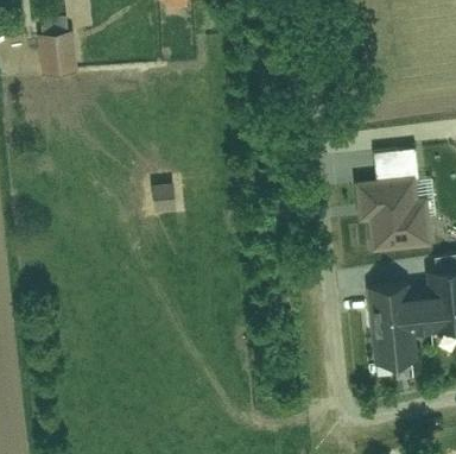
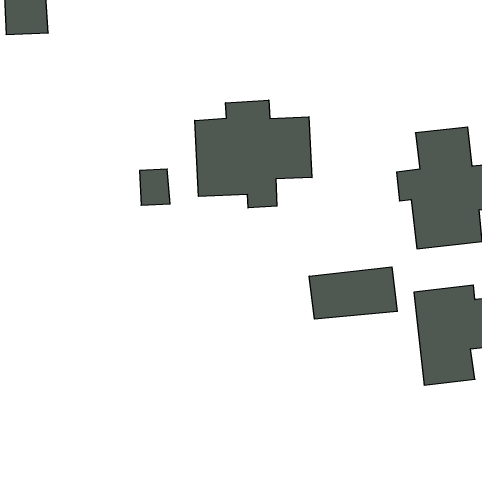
building: none -> [195,100,312,208]
building: none -> [309,267,397,319]

